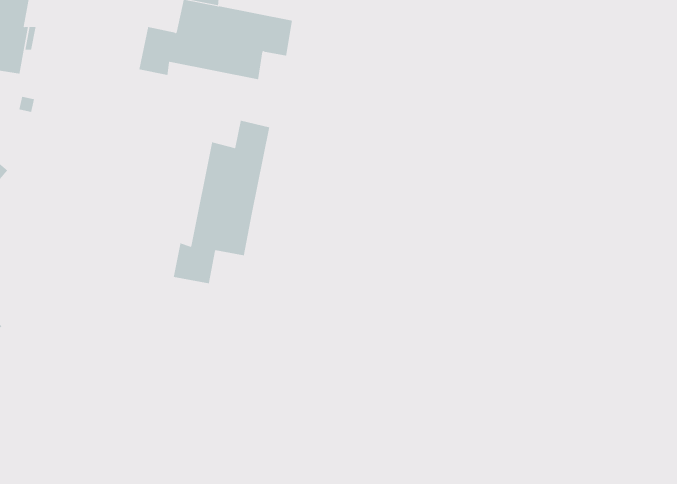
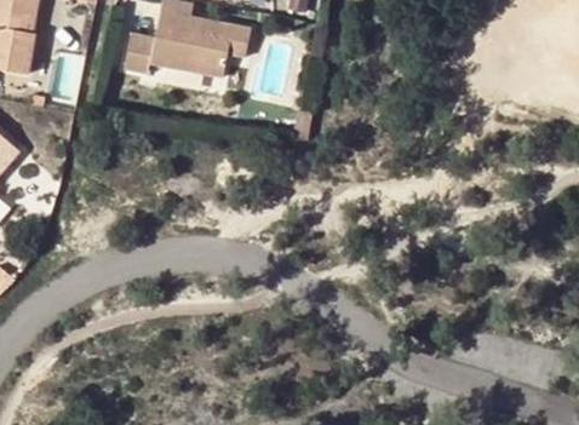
building: [173,120,270,284] -> none

